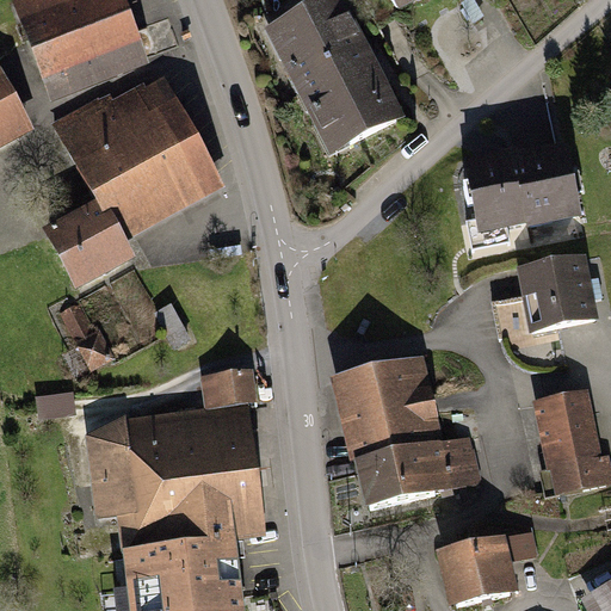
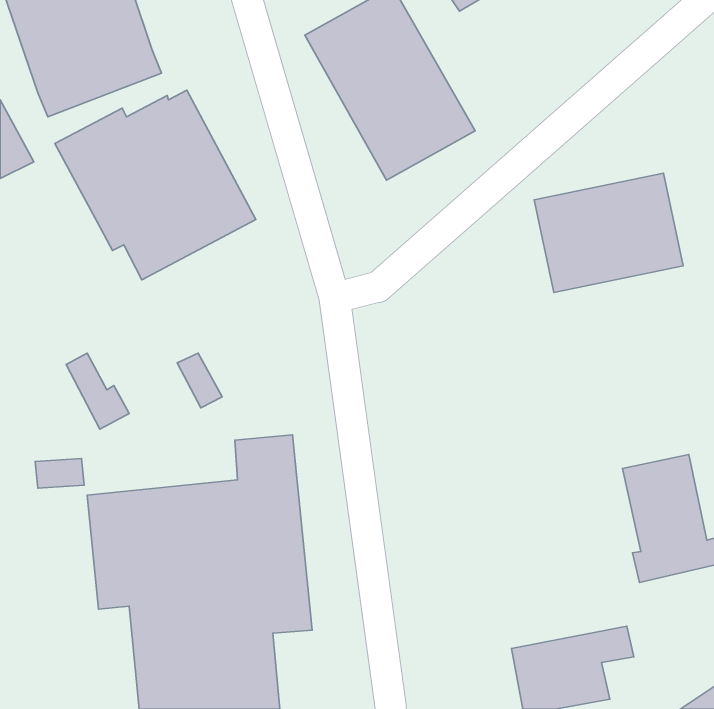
building: [39,199,134,289] -> none
building: [517,252,601,332] -> none
building: [328,352,485,505] -> none

